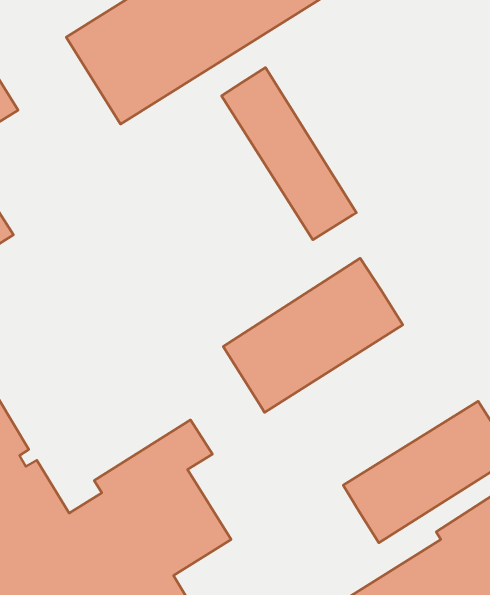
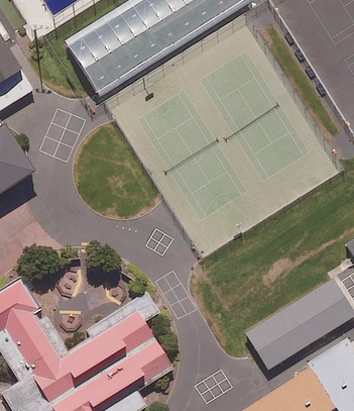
building: [221,68,357,240] -> none
building: [223,258,403,412] -> none

